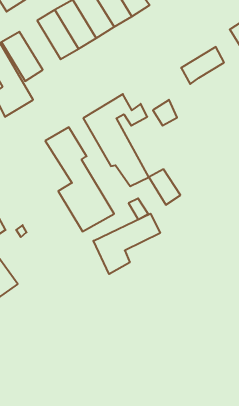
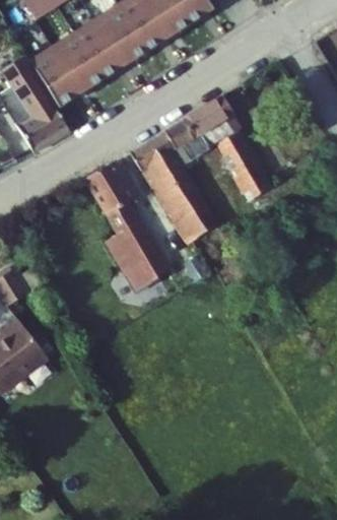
building: none -> [49,30,100,92]
building: [181,47,224,84] -> [179,96,232,143]
building: [149,169,180,205] -> [228,152,268,197]
building: [93,214,160,274] -> none

